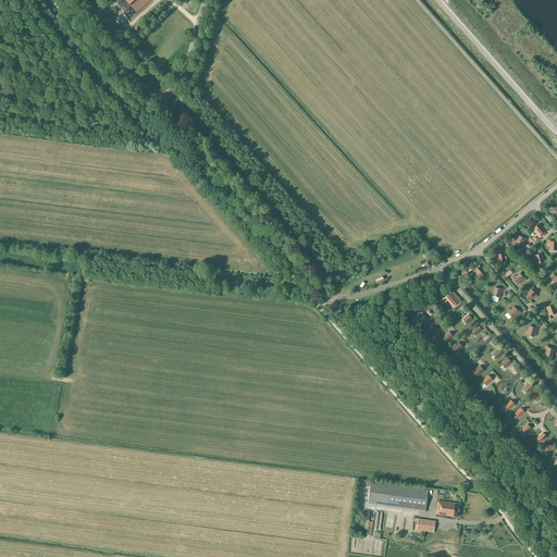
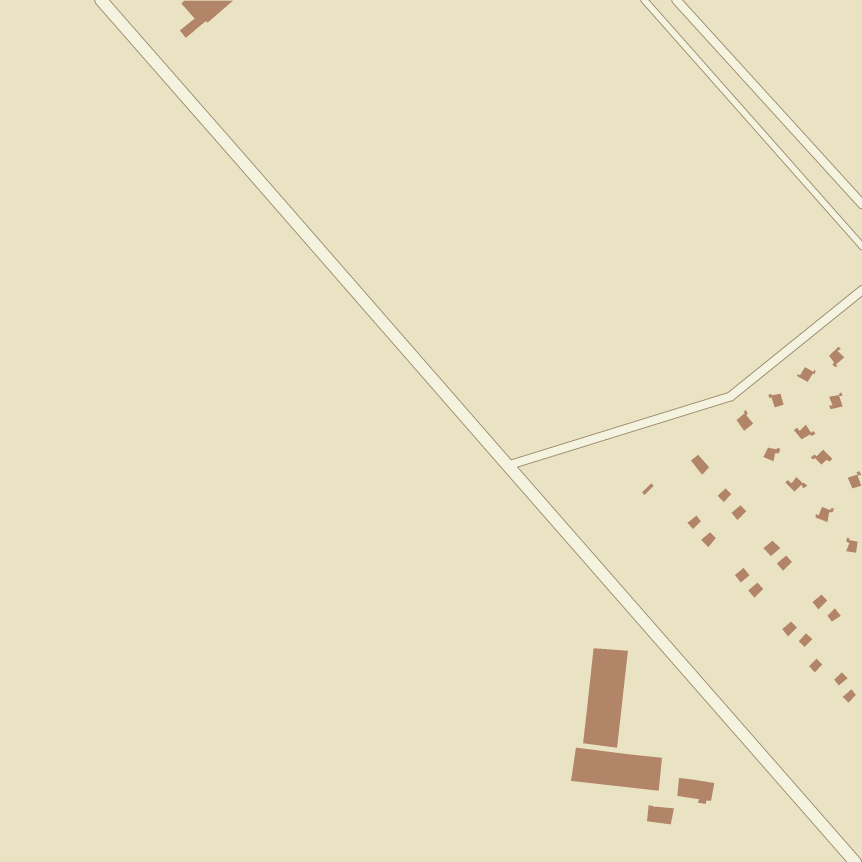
building: none -> [582,648,628,748]

